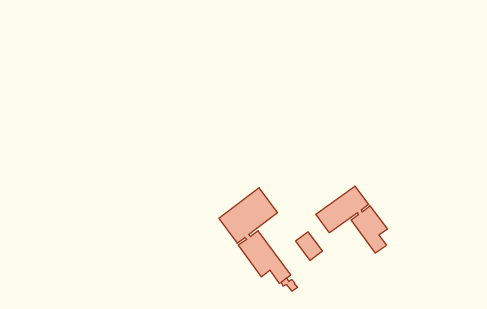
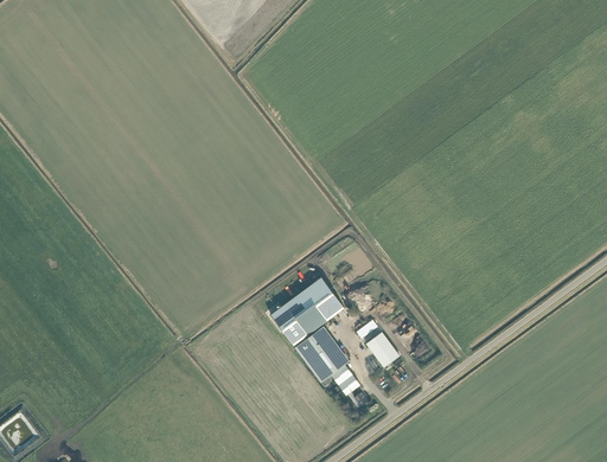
building: [316,186,387,253] -> none

